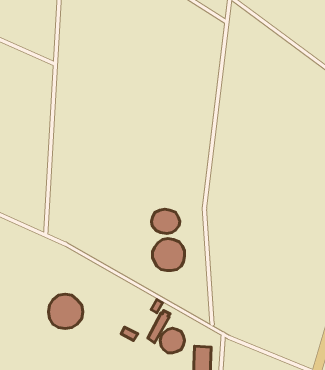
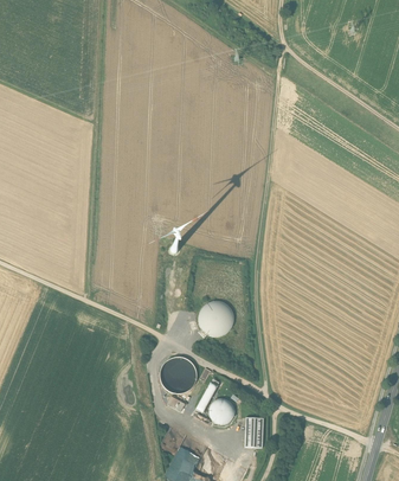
building: [152,209,180,234] -> none
building: [48,294,83,329] -> [160,355,197,392]

